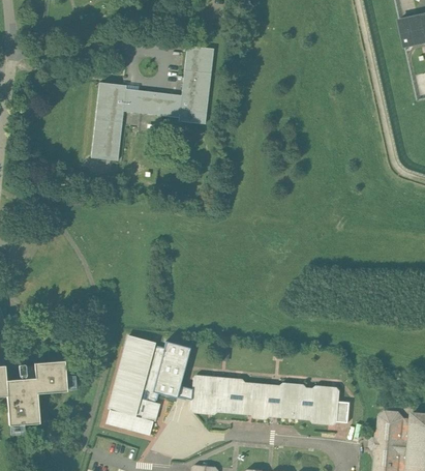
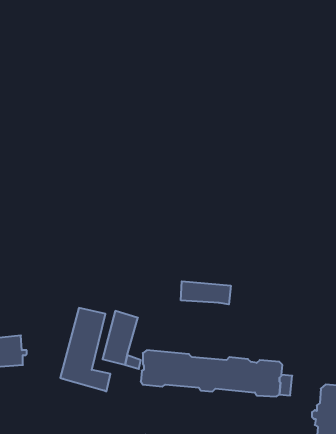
building: [92,46,214,160] -> none
building: none -> [181,281,231,304]
building: [105,406,153,434] -> none

